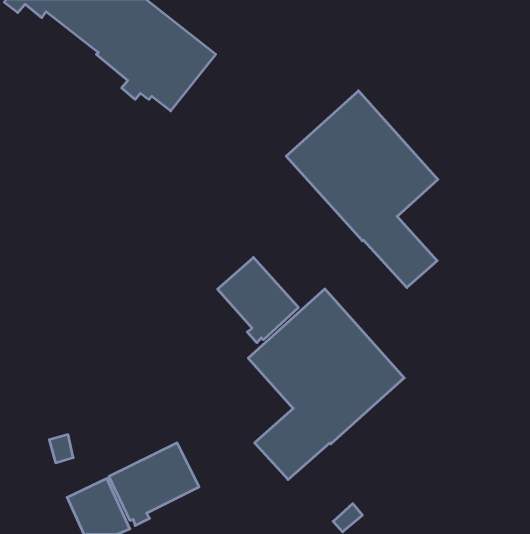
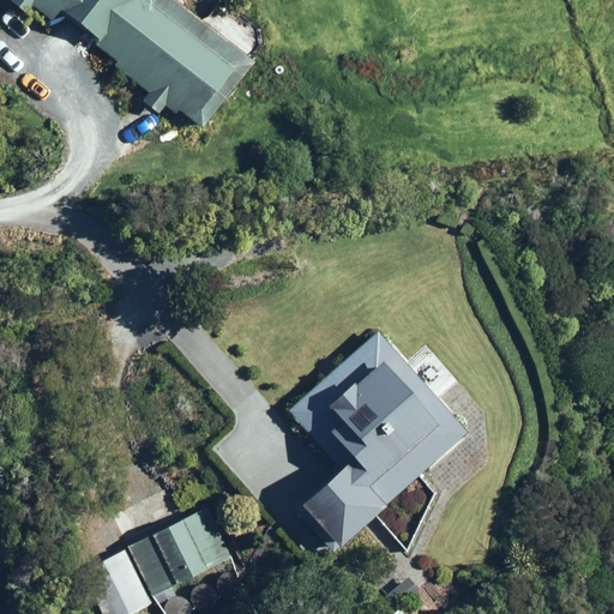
building: [286,91,438,288] -> none
building: [218,257,298,343] -> none

